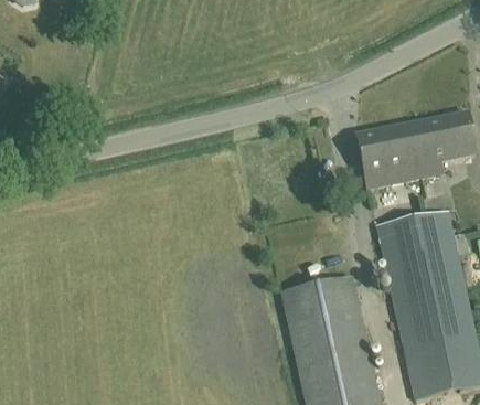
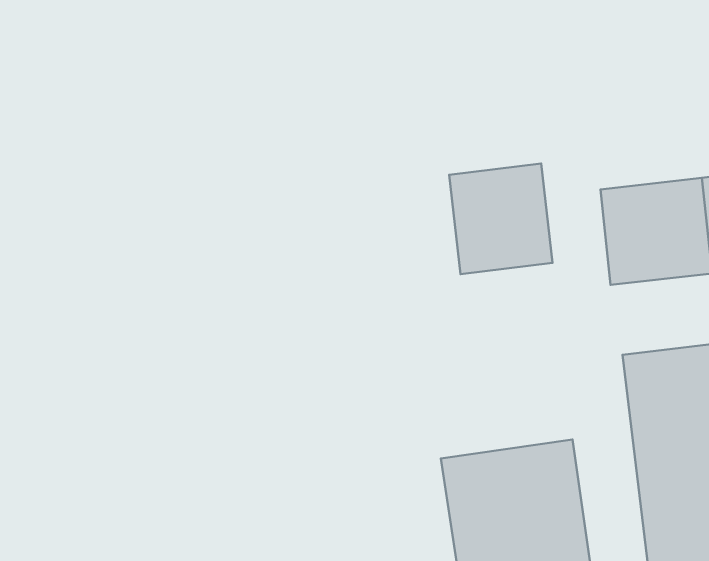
building: none -> [449,163,552,274]

